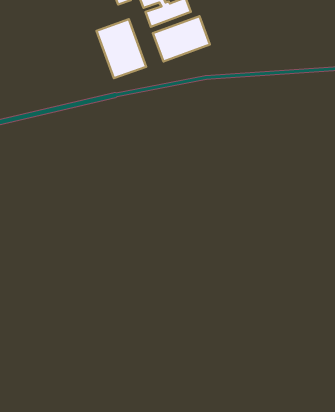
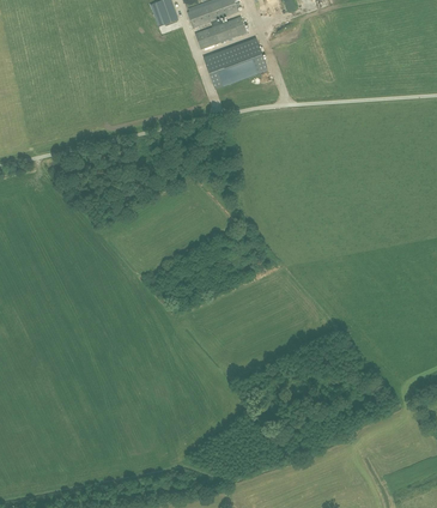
building: [97,19,146,78] -> none

